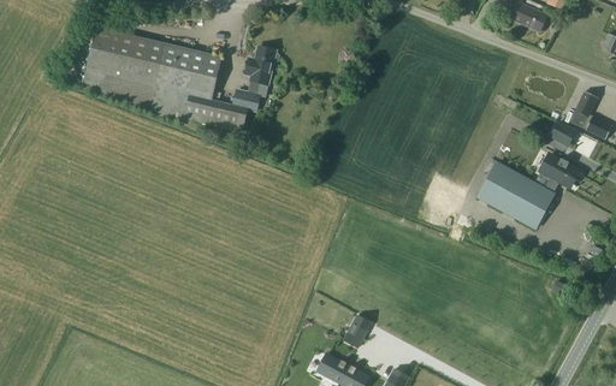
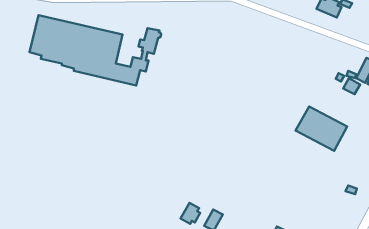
building: [541,154,579,191] -> none
building: none -> [180,203,200,224]

